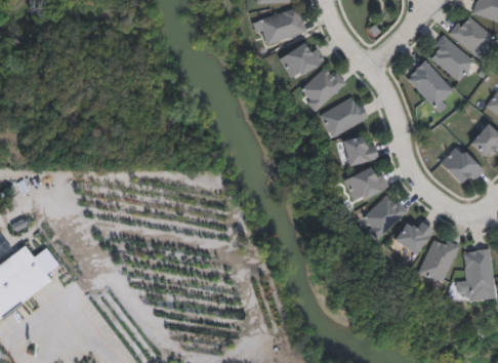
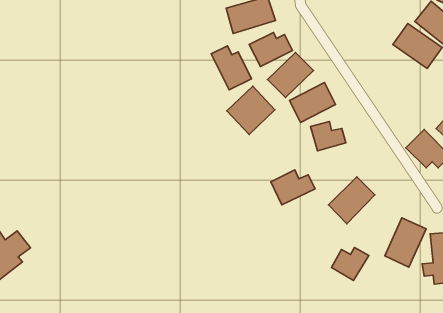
building: none -> [211,46,252,90]
building: [407,58,456,110] -> none
building: none -> [227,86,275,135]
building: [344,167,389,203] -> [271,170,315,205]
building: [396,220,433,254] -> [332,248,369,281]

